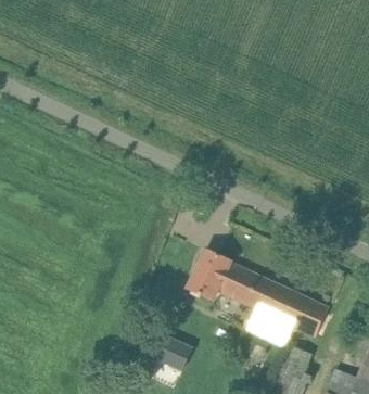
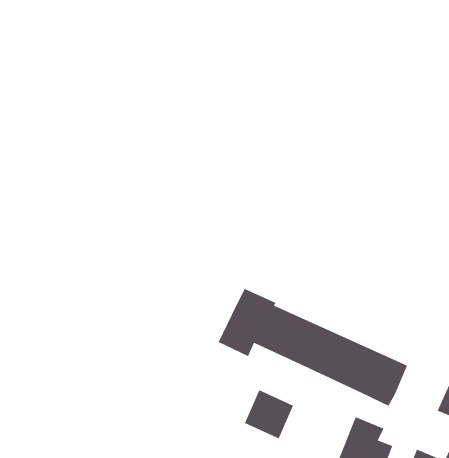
building: [158,331,195,368] -> [244,390,294,439]

